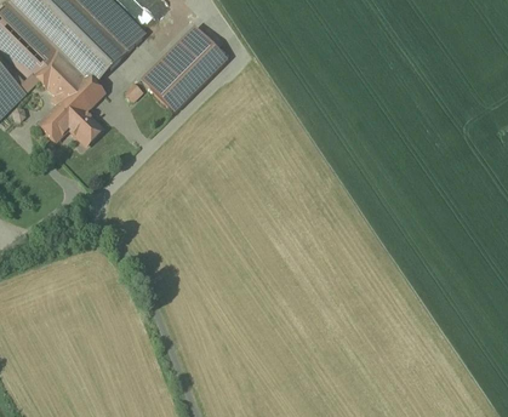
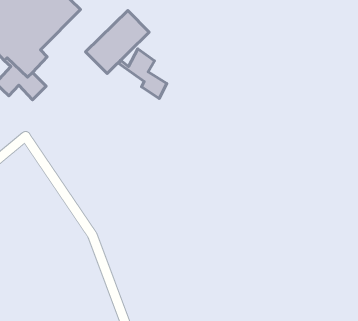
building: none -> [119,49,167,99]

